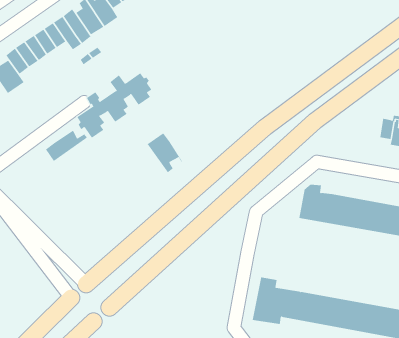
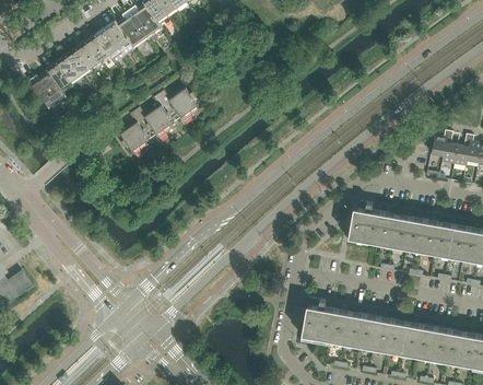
building: [45,126,88,162] -> none
building: [147,133,183,173] -> none

